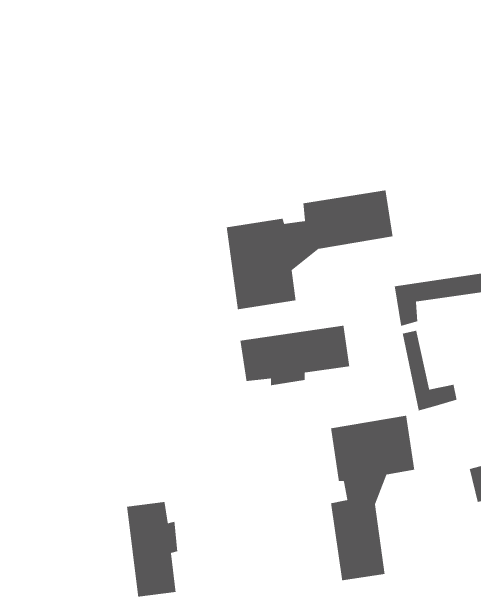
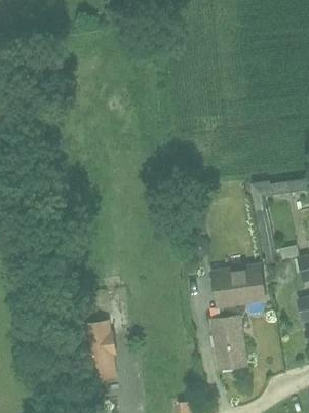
building: [226,189,394,310] -> none
building: [240,325,350,386] -> none

